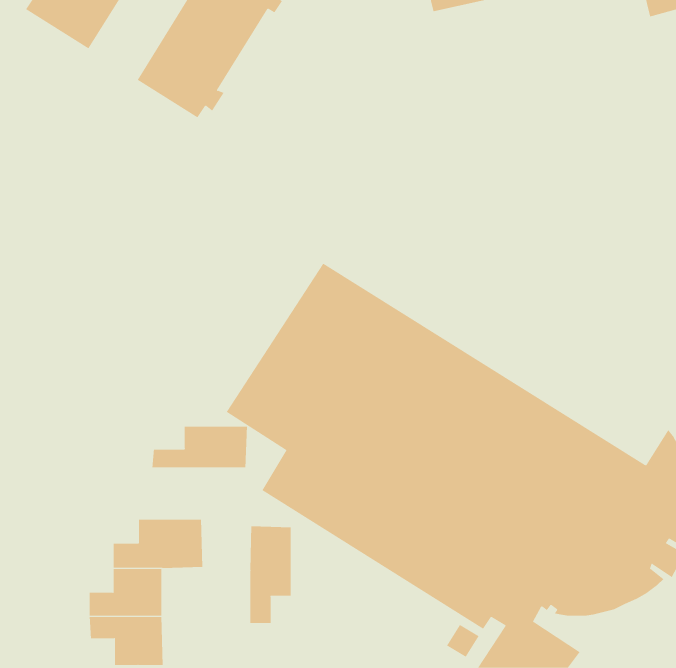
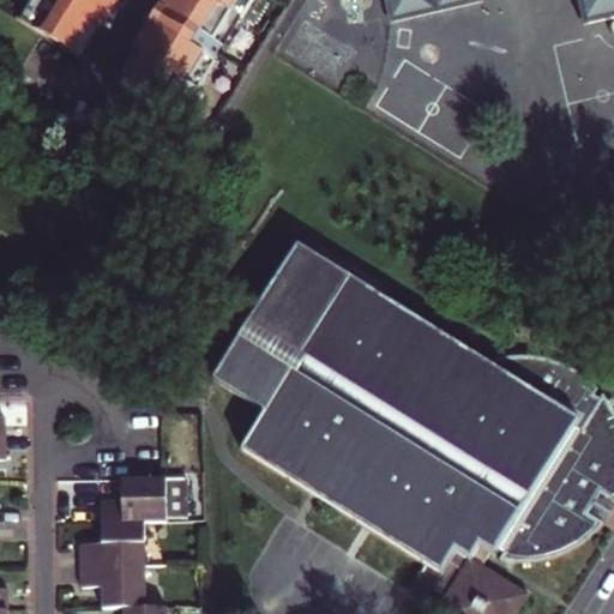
building: [152,426,247,468] -> none
building: [250,525,291,624] -> none

